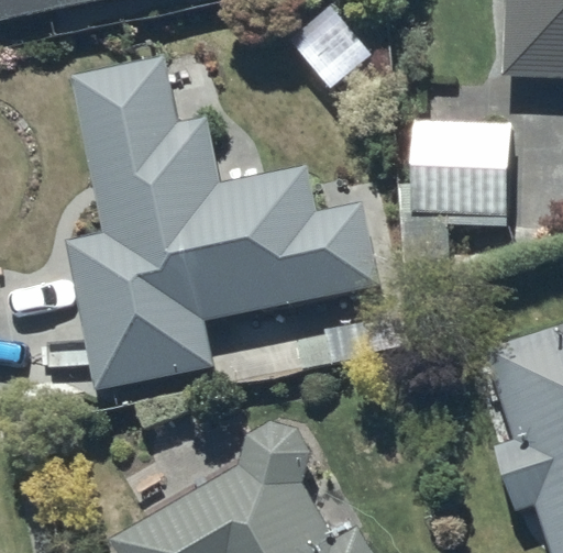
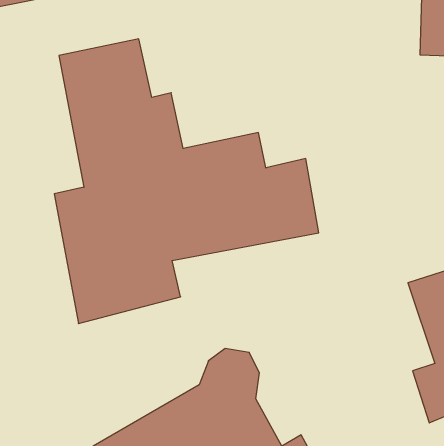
building: [411,121,512,213] -> none

